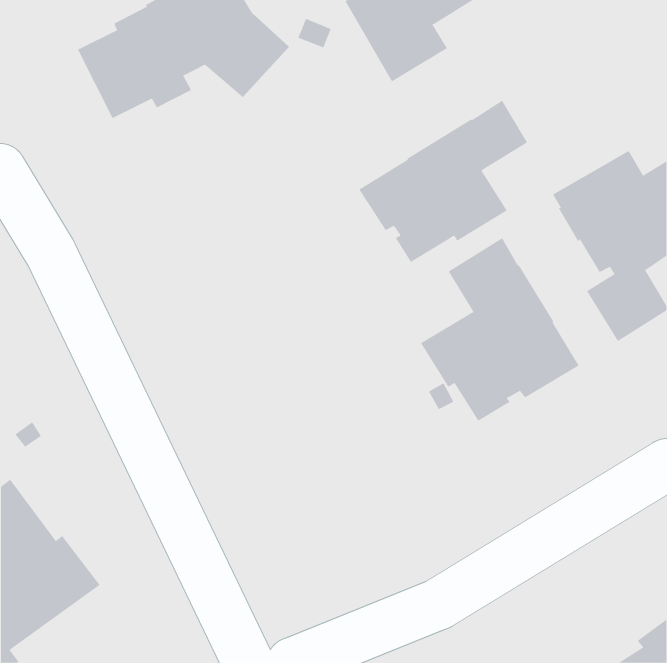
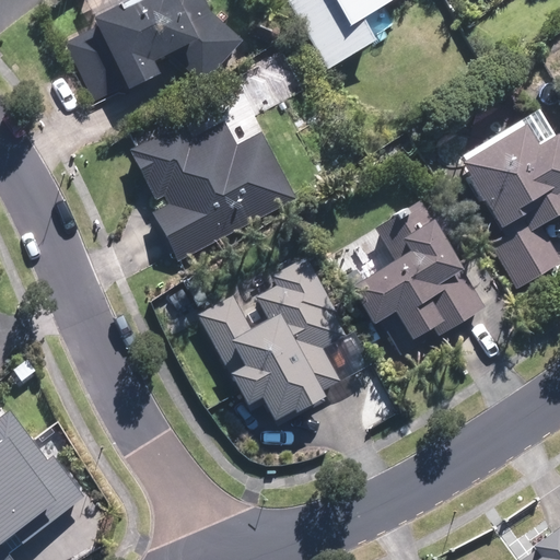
building: [359,100,528,263] -> none
building: none -> [130,119,298,259]
building: none -> [198,256,347,422]

